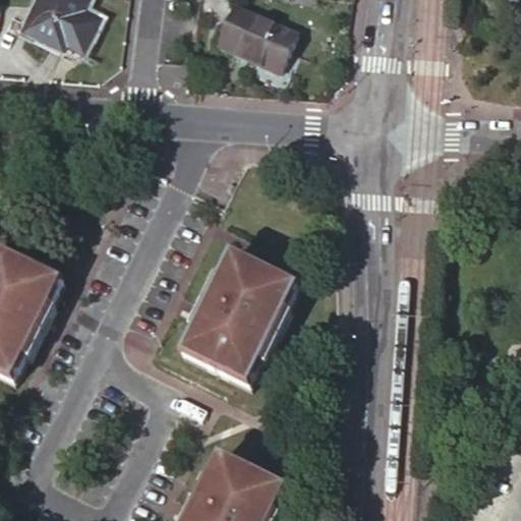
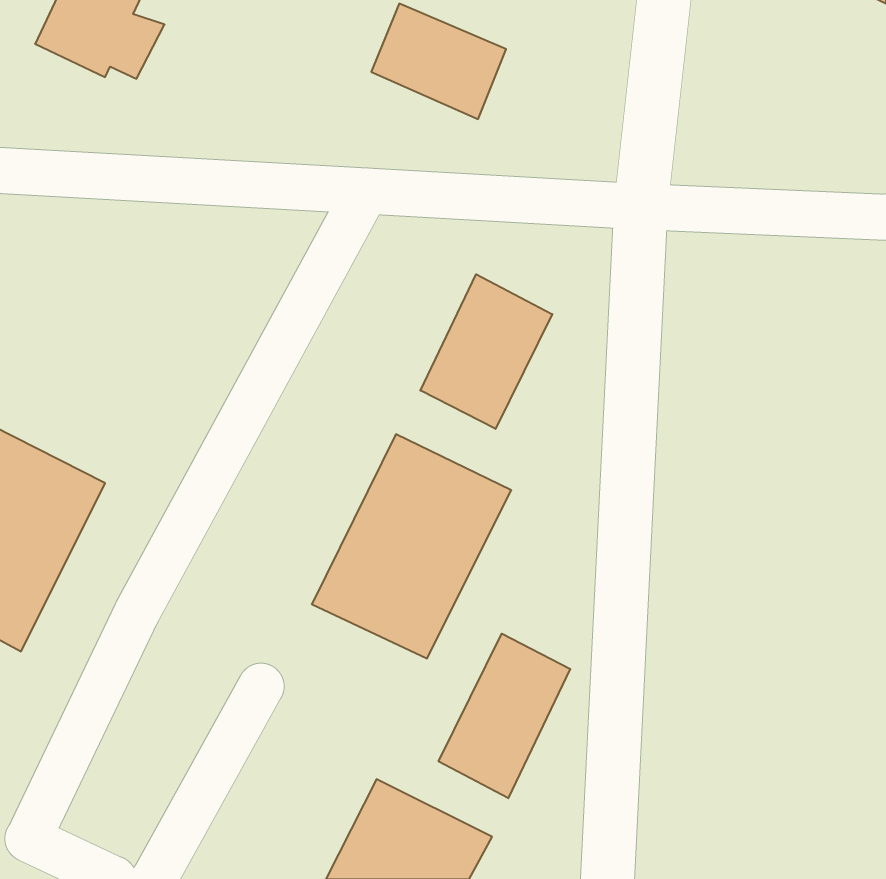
building: none -> [420,274,552,429]
building: none -> [439,634,570,798]

